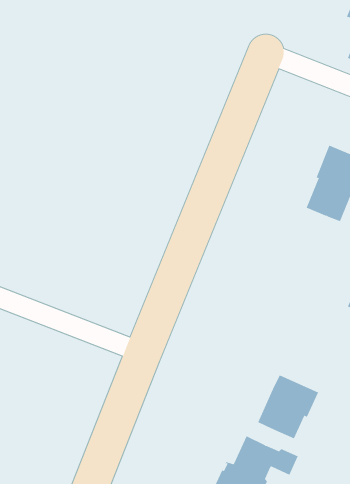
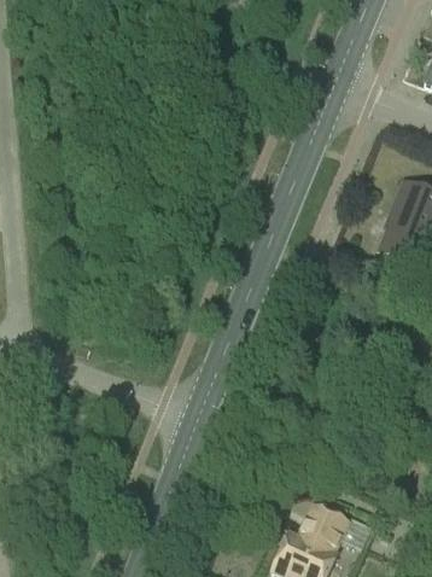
building: [257,374,319,439] -> none

